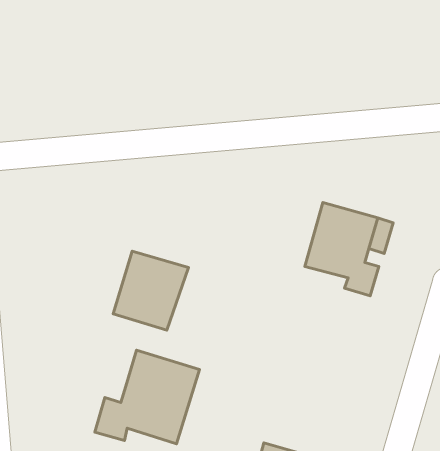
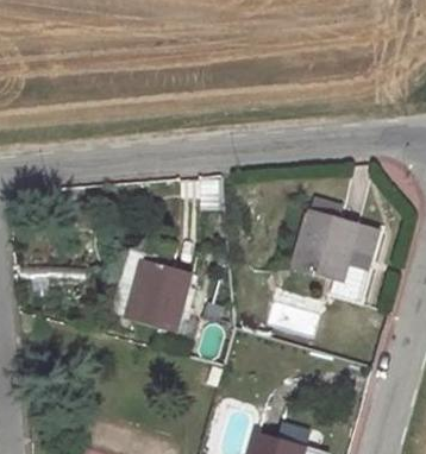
building: [95,350,199,444] -> none

